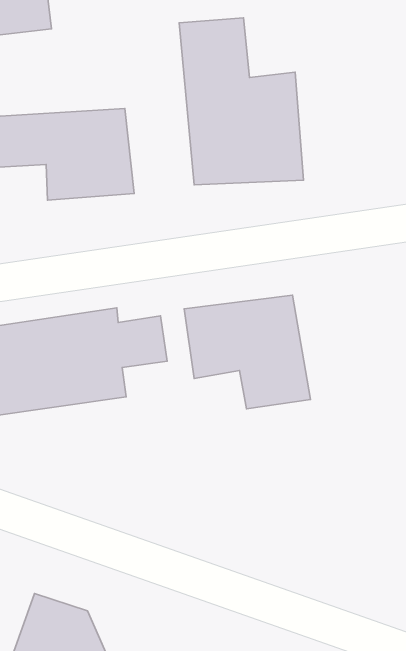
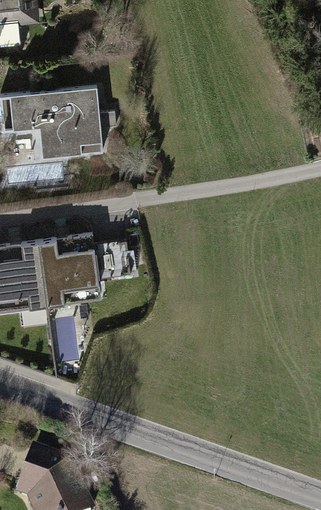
building: [179,18,303,185] -> none
building: [184,295,311,409] -> none

